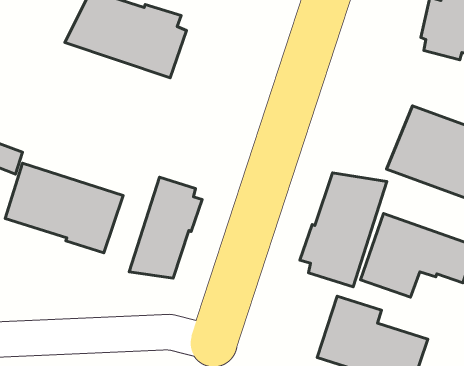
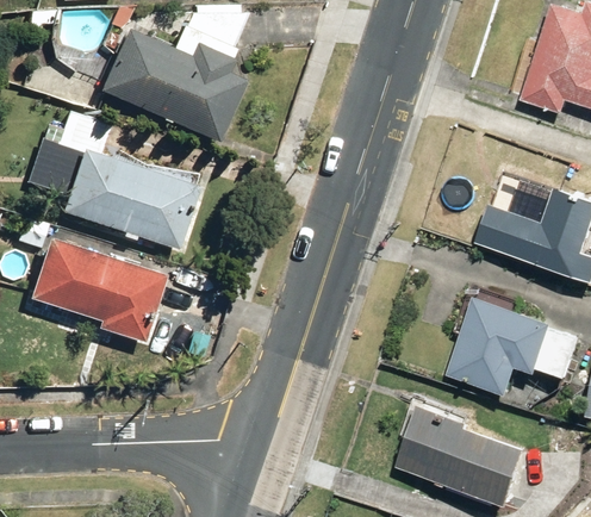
building: none -> [58,111,200,251]
building: [300,173,387,287] -> none
building: [129,177,202,278] -> none

